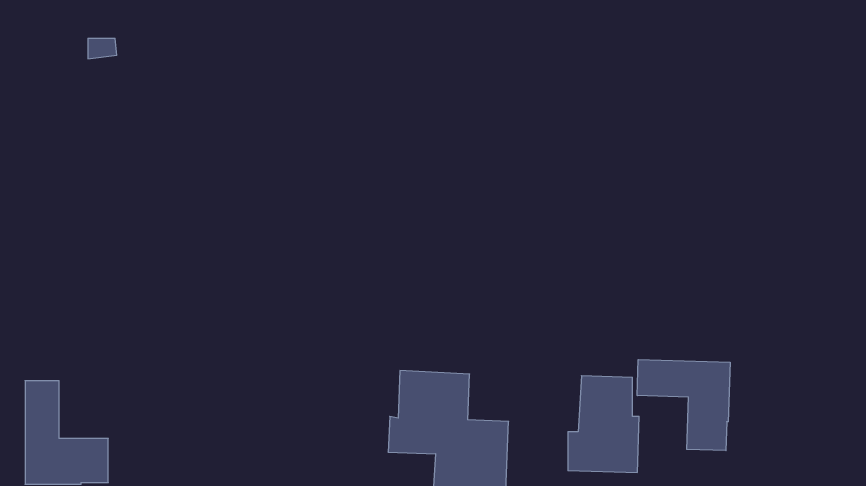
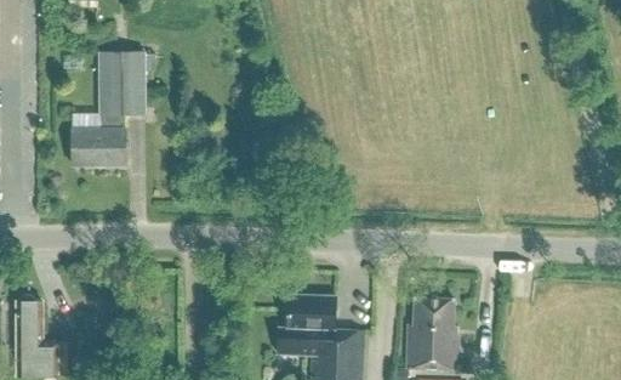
building: none -> [72,52,154,166]
building: [637,360,730,451] -> none

